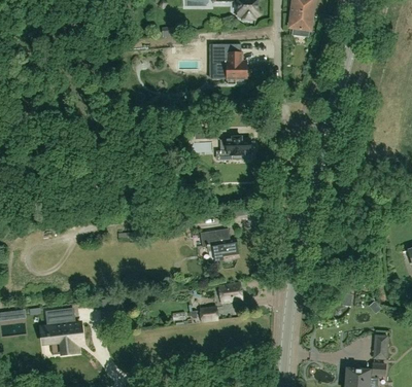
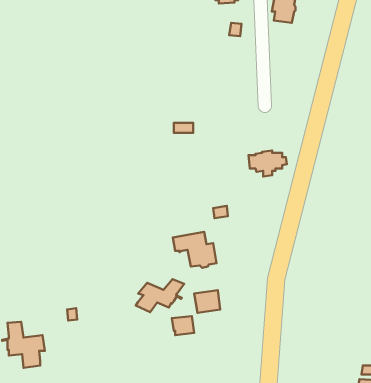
building: [210,44,250,83] -> none
building: [219,136,254,160] -> [249,151,287,176]
building: none -> [136,279,184,312]

